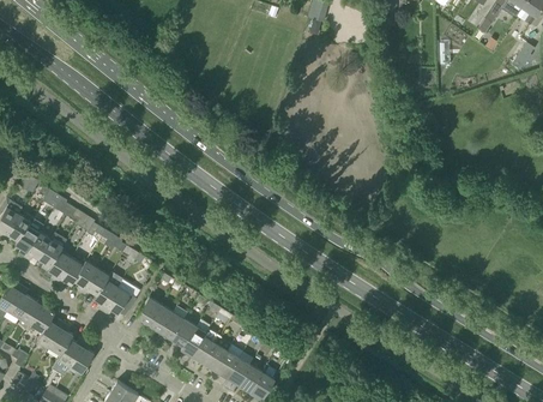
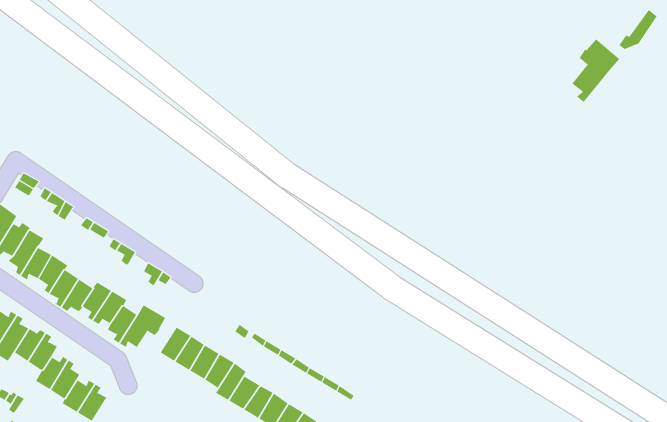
building: none -> [572,38,620,103]

